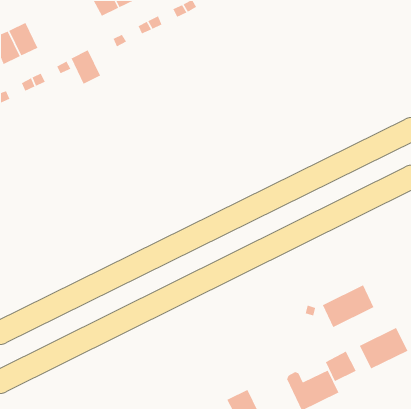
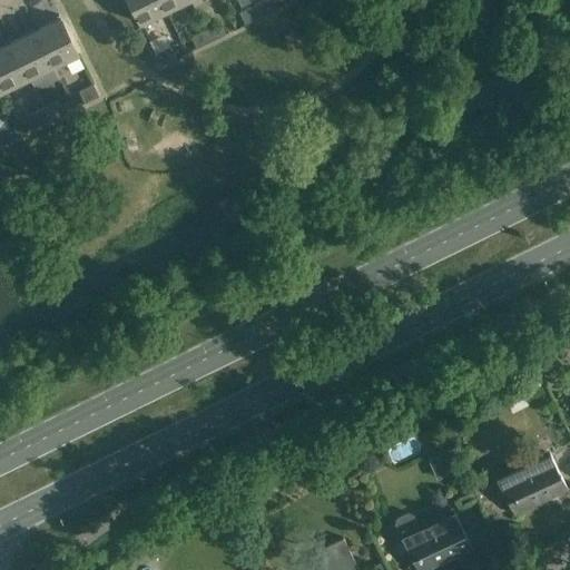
building: [70,49,101,85] -> [36,21,78,70]
building: [322,284,375,328] -> none
building: [325,351,357,382] -> none

